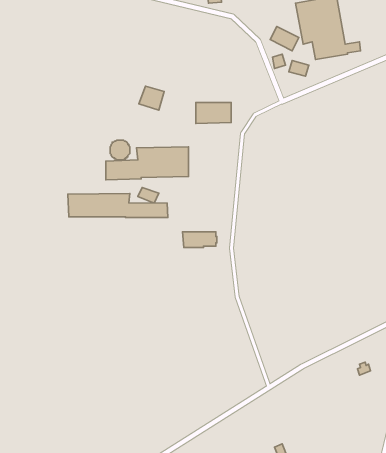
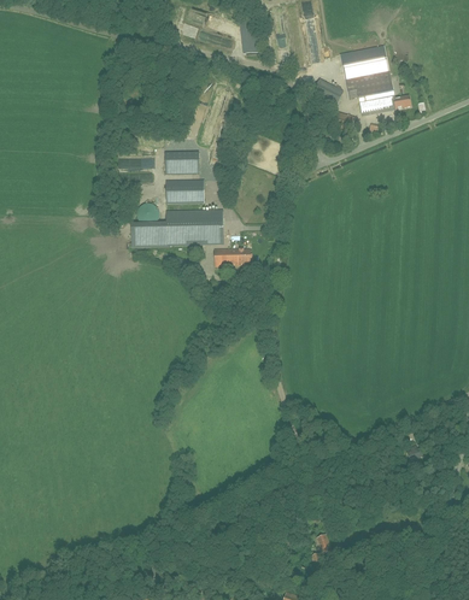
building: [196,103,231,124] -> [166,180,205,202]
building: [68,194,168,218] -> none
building: [183,232,217,247] -> [215,248,252,265]

